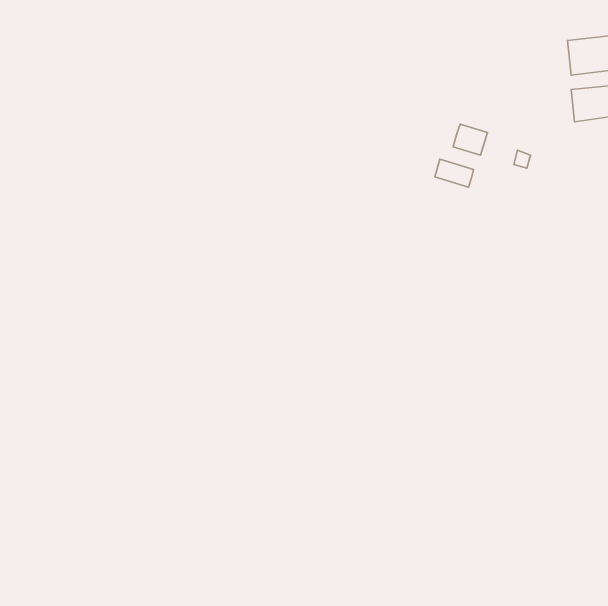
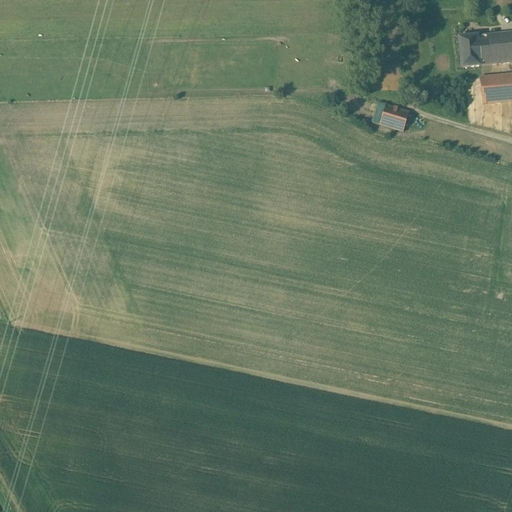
building: none -> [458,34,480,66]
building: [435,159,474,187] -> none

